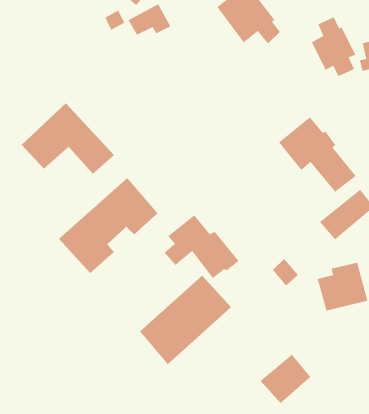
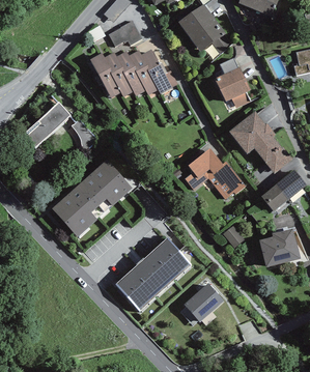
building: [311,16,356,77] -> [215,58,251,107]
building: none -> [90,50,172,97]
building: [164,214,240,279] -> [185,148,246,200]
building: [260,354,311,404] -> [182,283,224,323]

